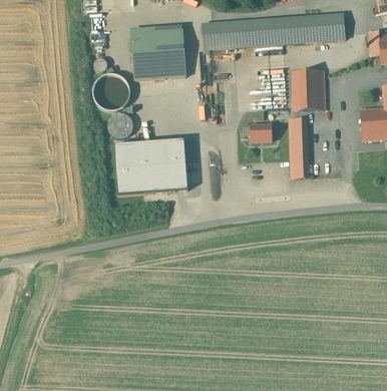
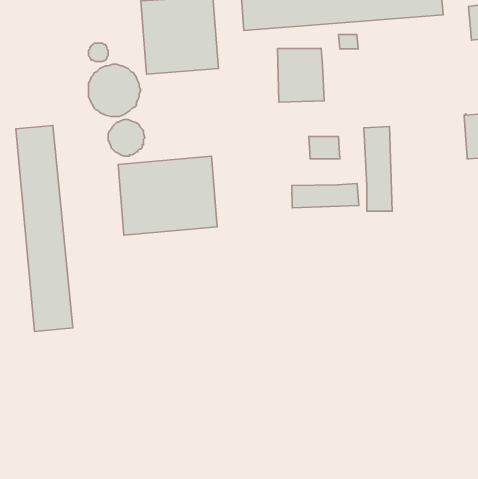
building: [292,71,325,109] -> [277,48,324,102]
building: none -> [16,125,73,331]
building: none -> [292,183,359,208]

